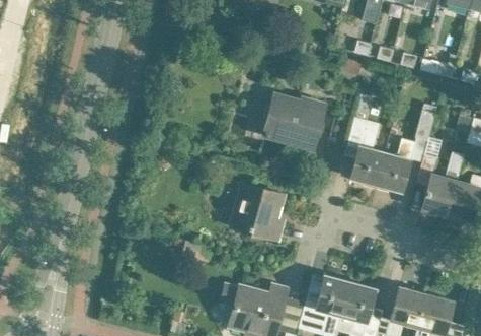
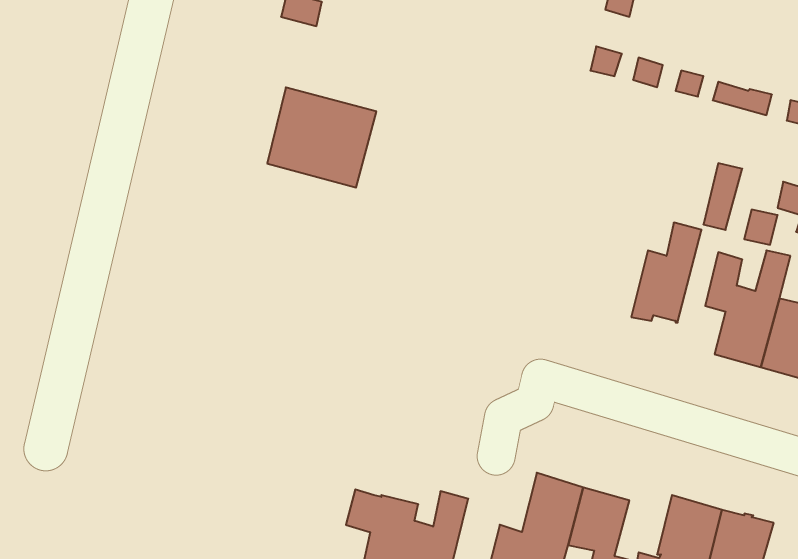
building: [264,94,324,149] -> [267,87,376,188]
building: [347,115,386,189] -> none
building: [231,184,288,242] -> none

